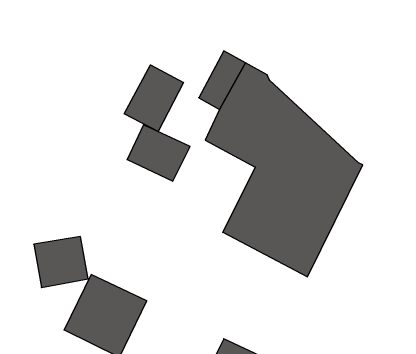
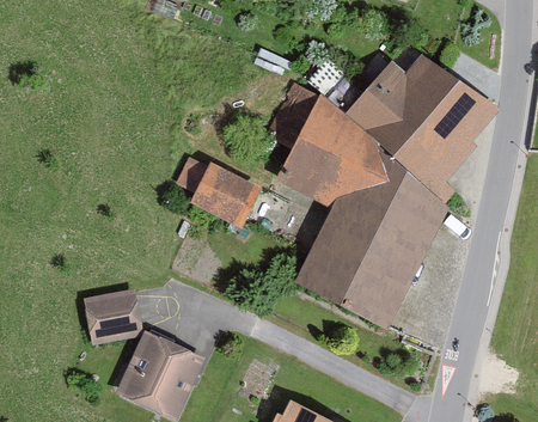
building: none -> [343,51,494,204]
building: [124,65,183,132] -> none

